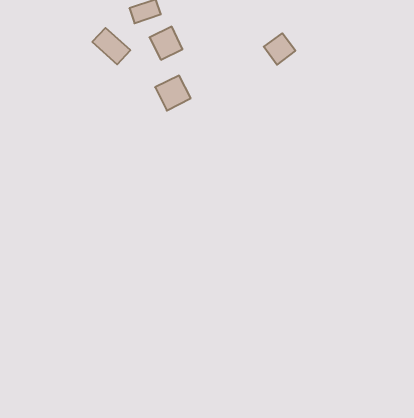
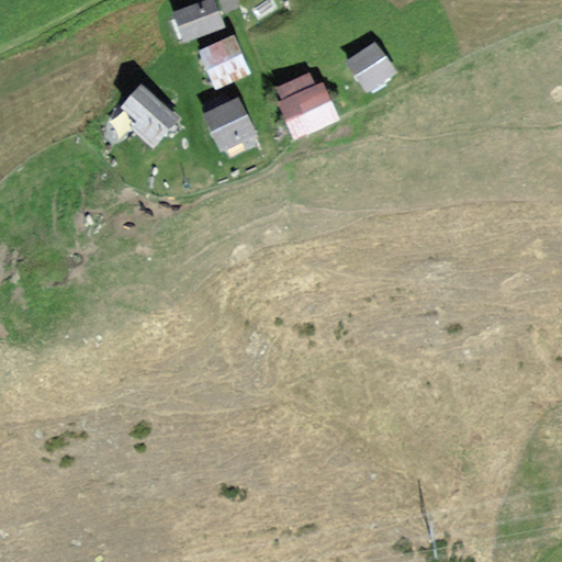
building: [92,28,130,64] -> [123,87,173,135]
building: none -> [282,83,333,127]

